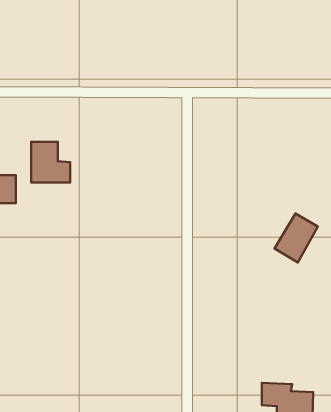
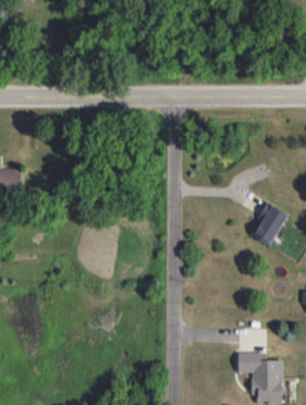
building: [31,142,70,183] -> none

